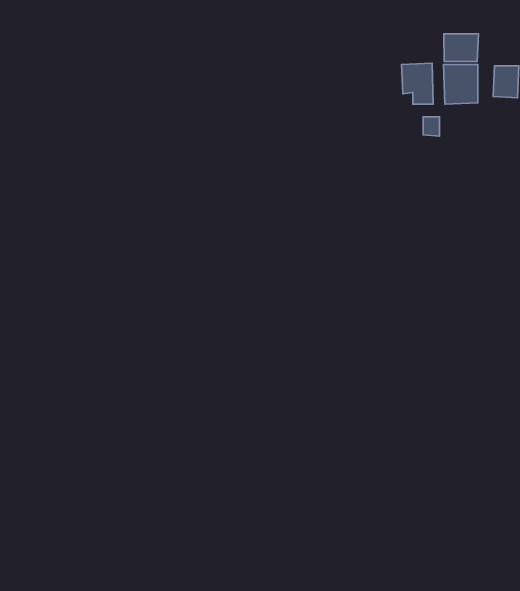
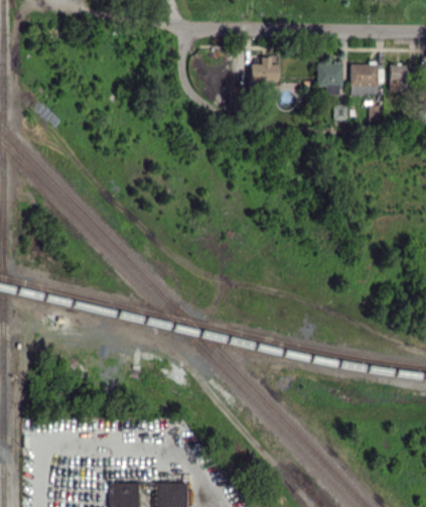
building: [444,34,478,62] -> none
building: none -> [252,58,281,83]

